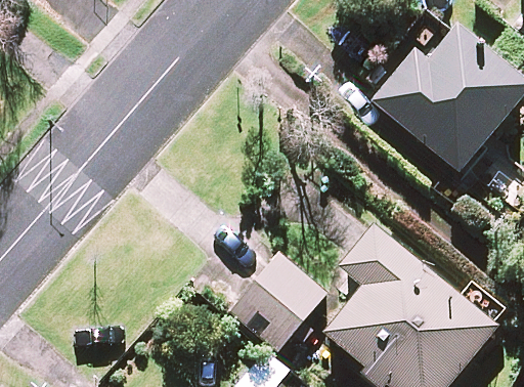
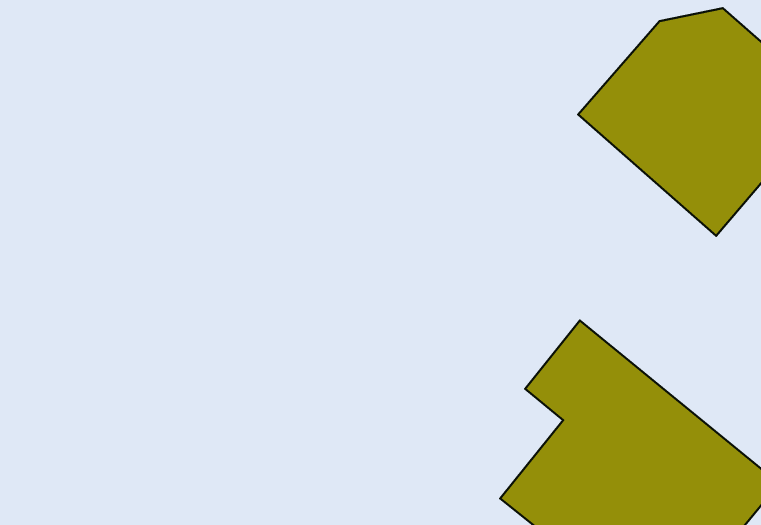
building: [234,252,324,342] -> none

